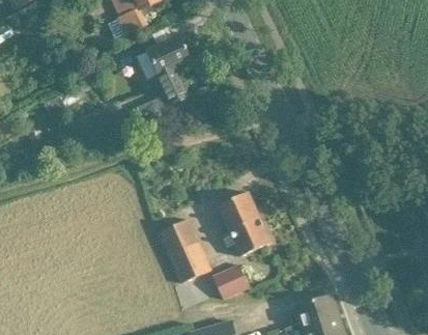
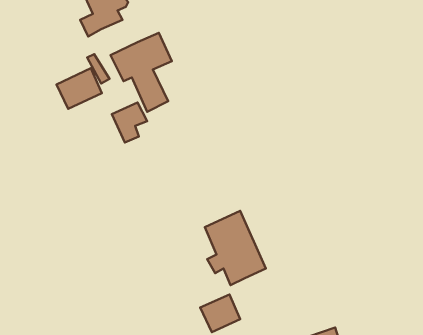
building: none -> [56,68,102,109]
building: [158,222,210,287] -> none

